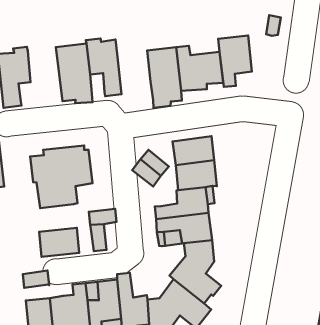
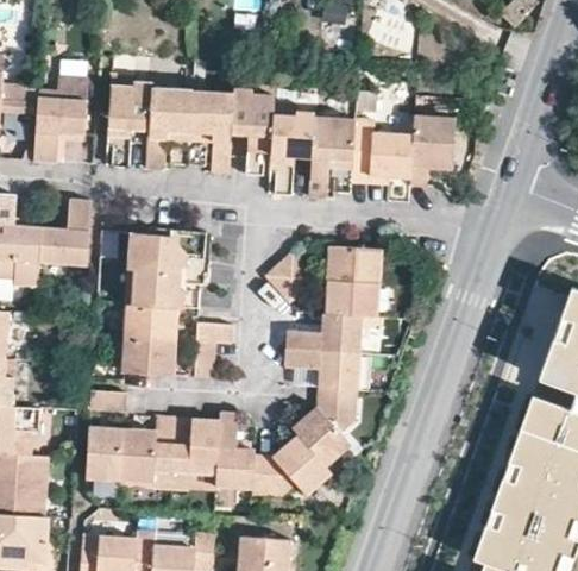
building: none -> [268,109,314,195]
building: none -> [146,88,190,169]
building: none -> [124,303,177,340]

